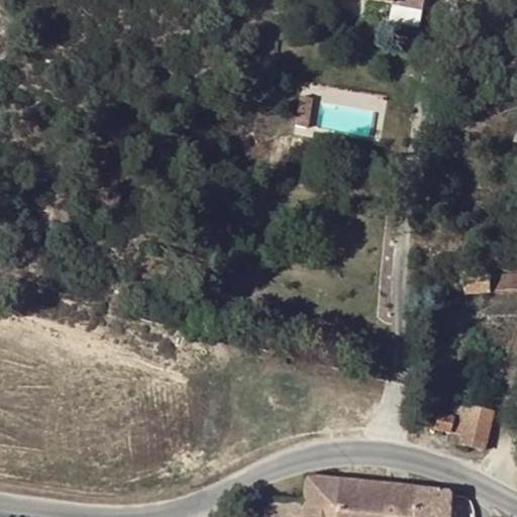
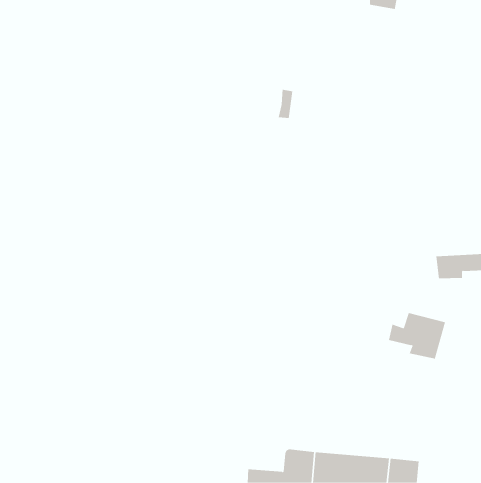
building: [438,401,500,450] -> [388,313,446,359]

